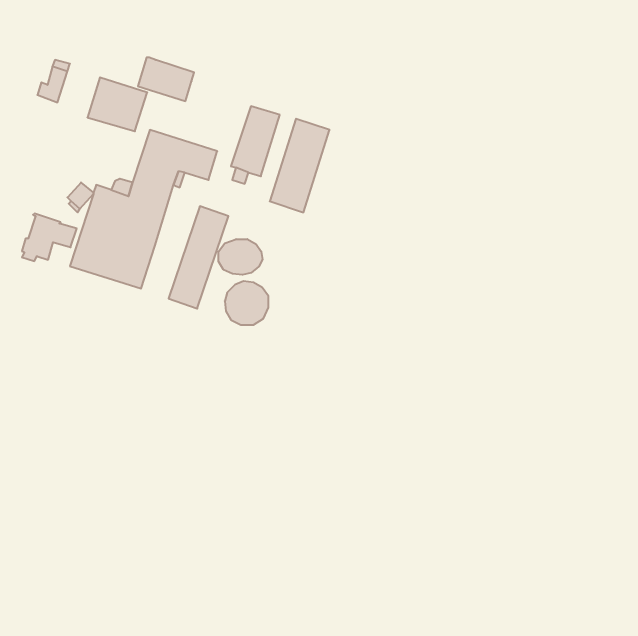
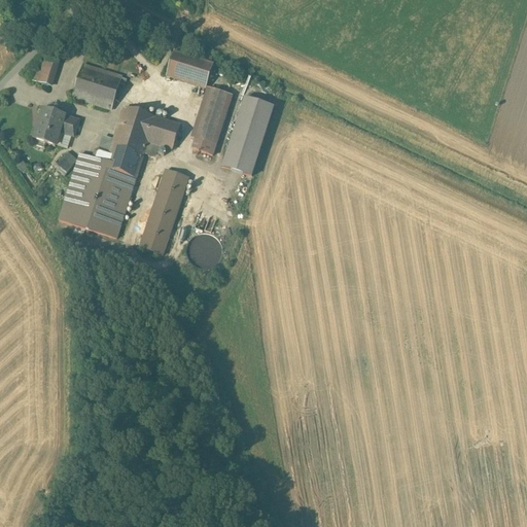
building: [138,57,194,101] -> [166,51,212,87]
building: [22,214,77,261] -> [33,107,78,146]
building: [219,239,262,275] -> none

